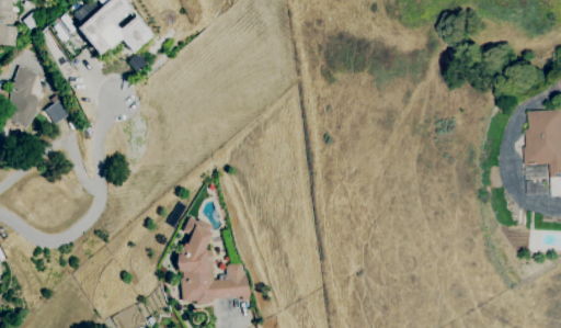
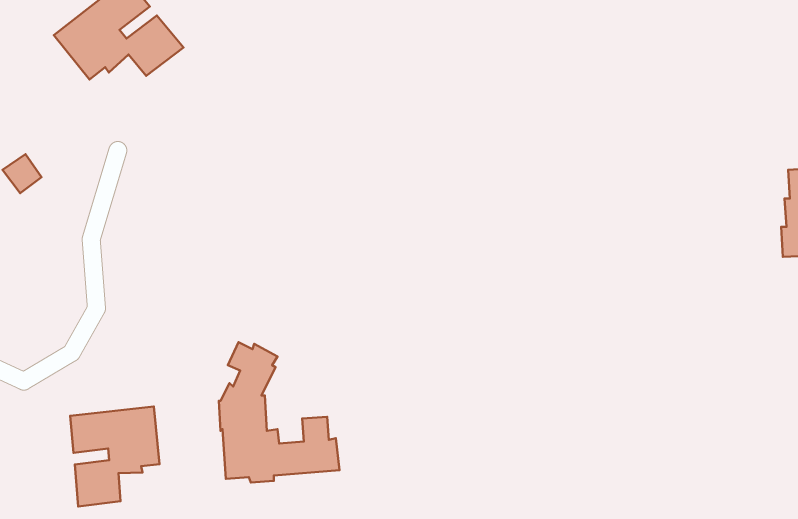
building: none -> [70,406,160,507]

